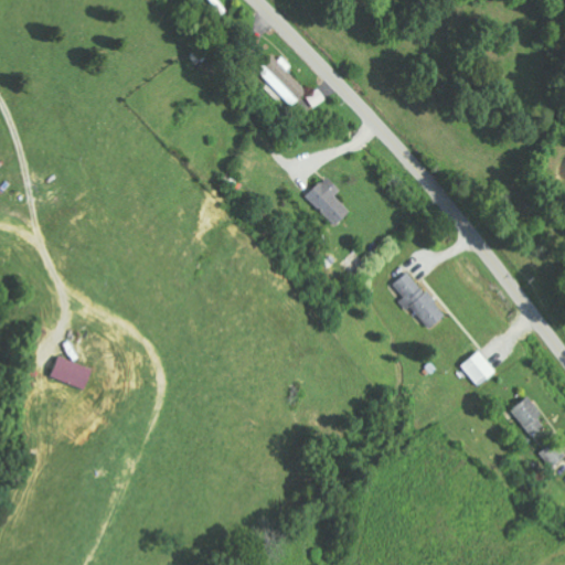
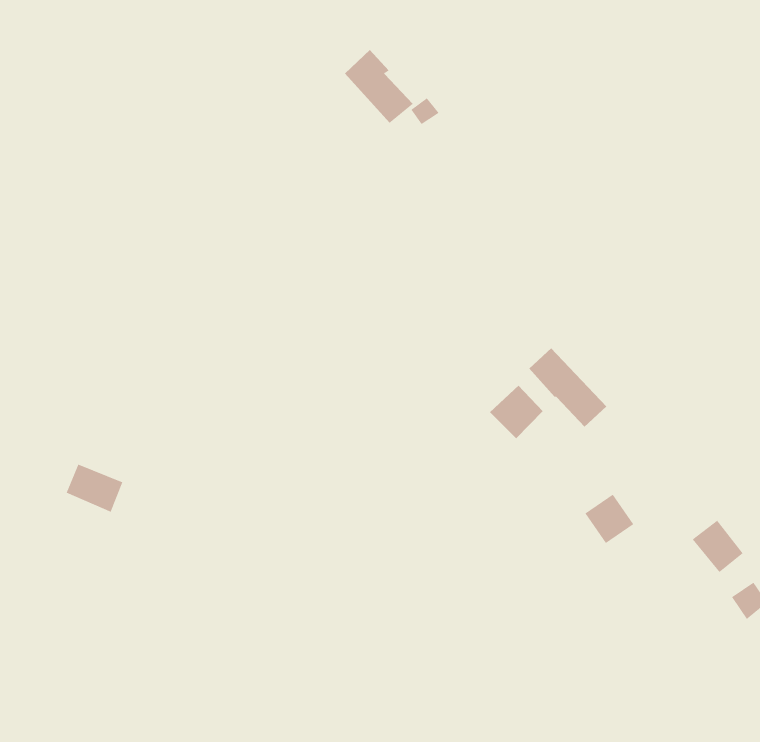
building: [303,175,349,226] -> none
building: none -> [489,385,544,439]
building: [459,351,495,387] -> [584,494,634,544]

